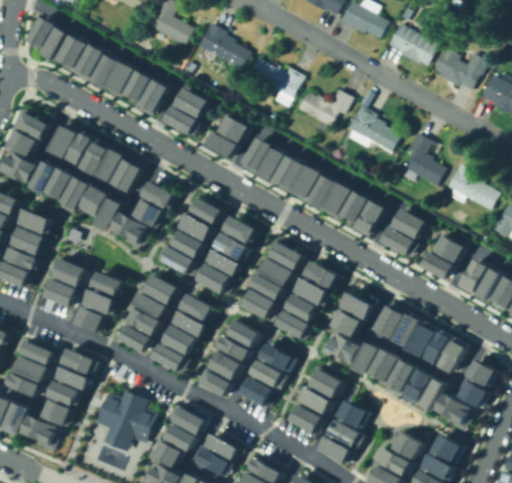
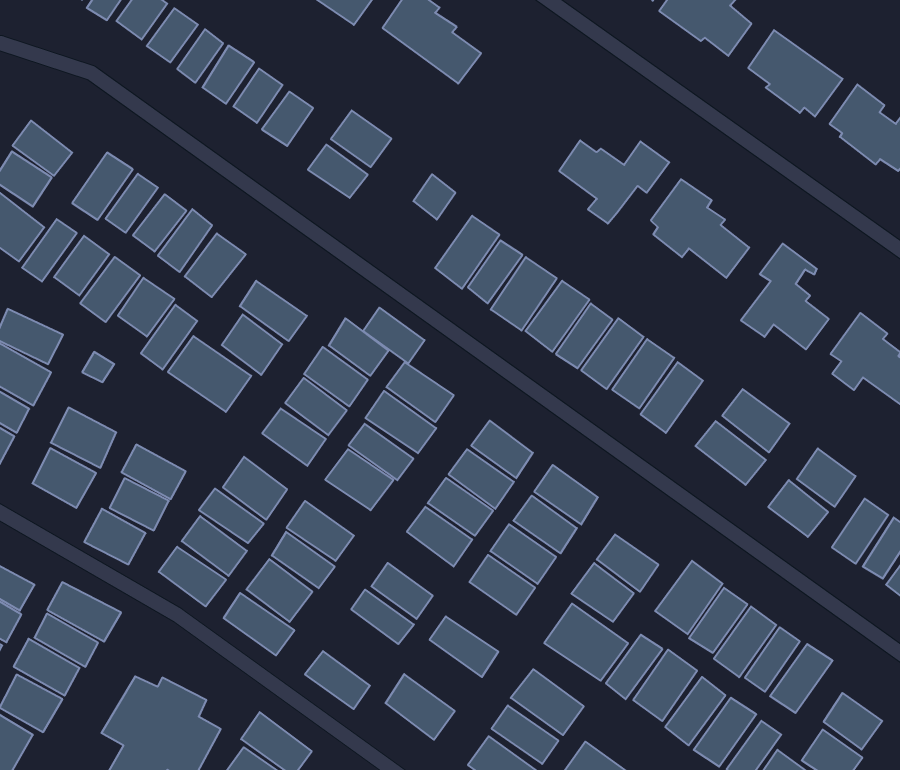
building: [248,58,303,107] -> none
building: [204,129,236,156] -> [363,308,425,364]
building: [204,348,240,379] -> none
building: [249,359,285,388] -> none

